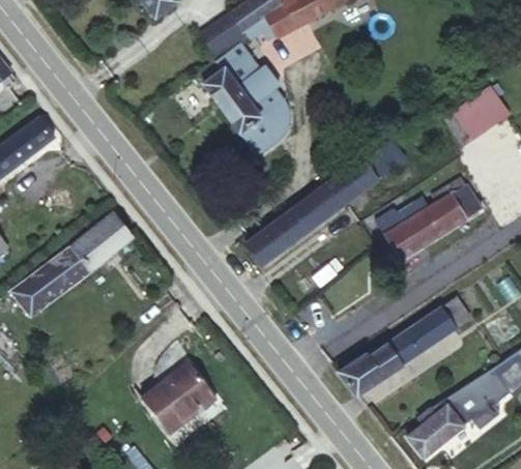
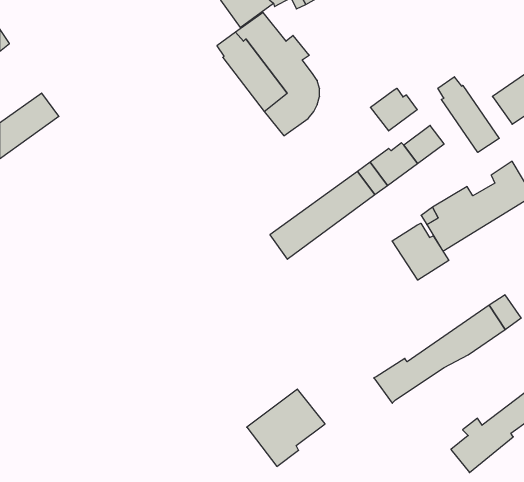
building: none -> [438,77,499,152]
building: none -> [370,88,417,131]
building: [12,213,134,316] -> none
building: none -> [392,223,449,280]
building: [142,363,212,433] -> [247,389,325,466]

